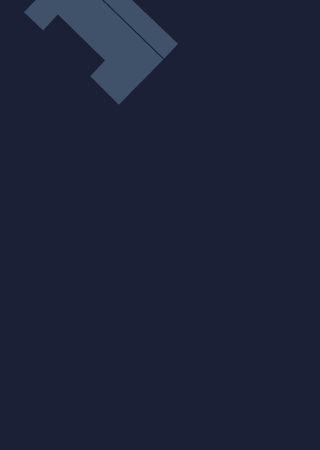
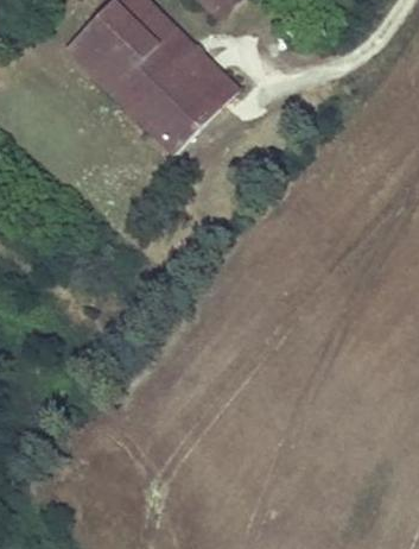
building: none -> [87,53,155,122]

